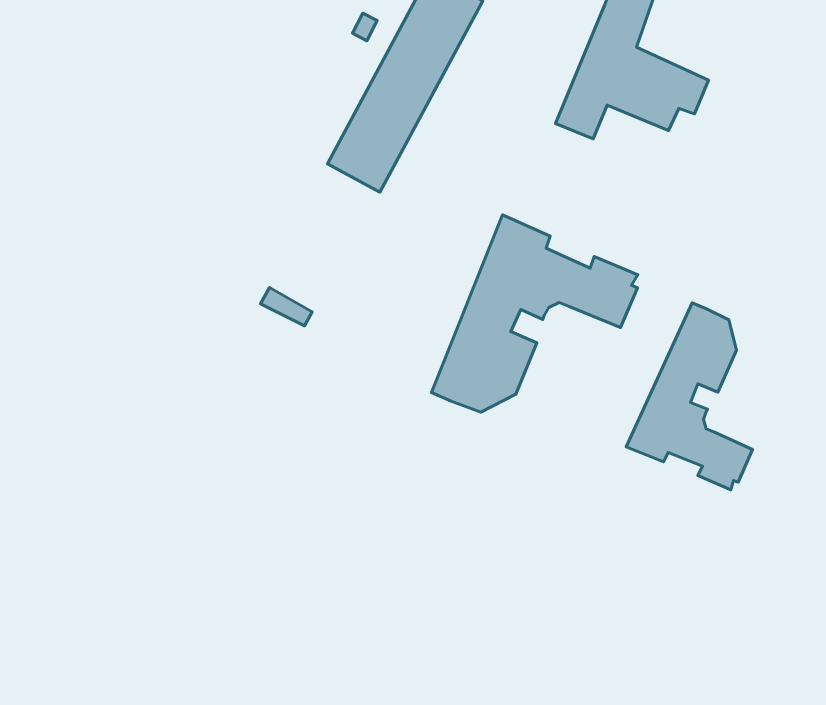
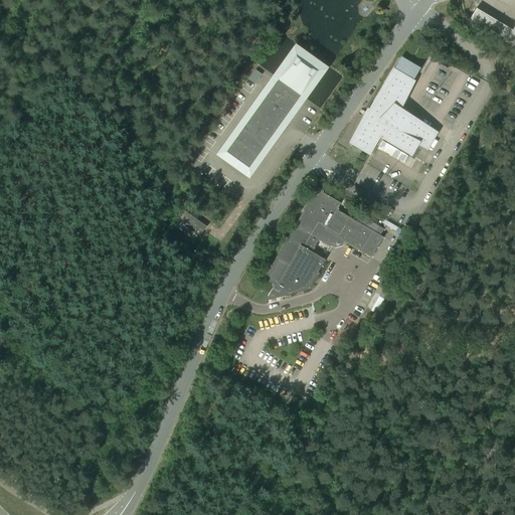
building: [626,303,752,490] -> none

